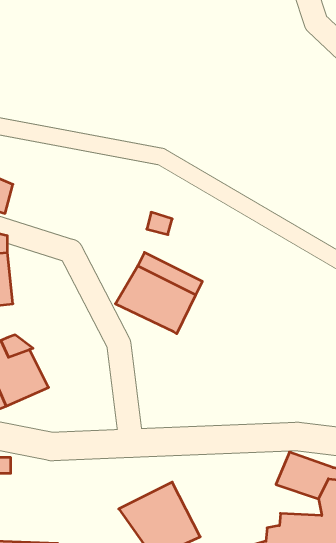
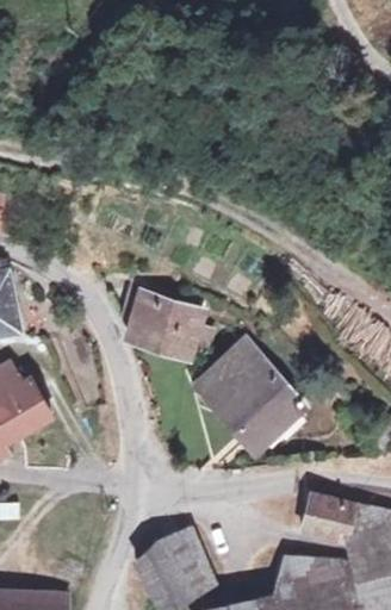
building: none -> [198,354,298,455]

